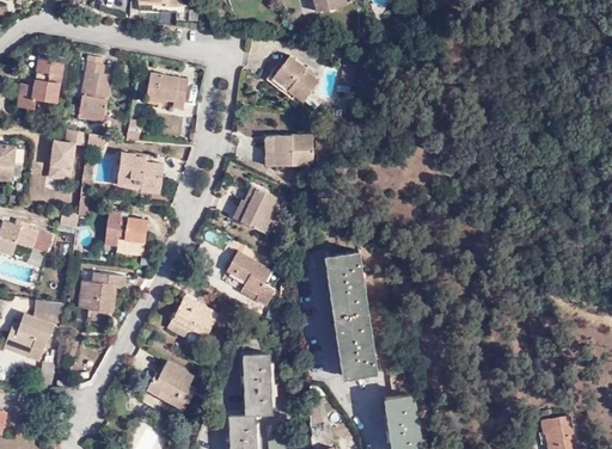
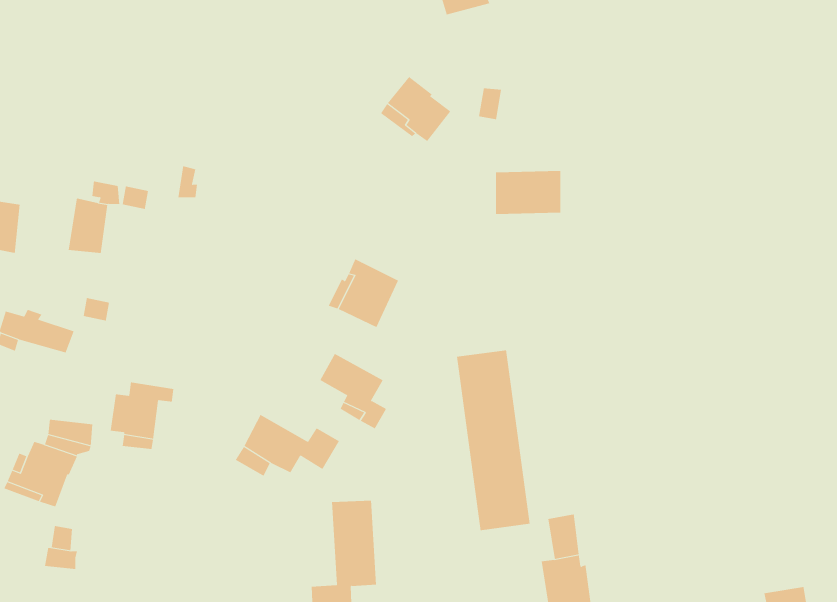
building: [78,55,112,122] -> none
building: [18,56,65,109] -> none
building: [146,73,189,110] -> none
building: [267,135,313,166] -> [495,170,561,214]
building: [117,153,165,189] -> none
building: [105,211,148,246] -> none
building: [146,361,197,412] -> none

